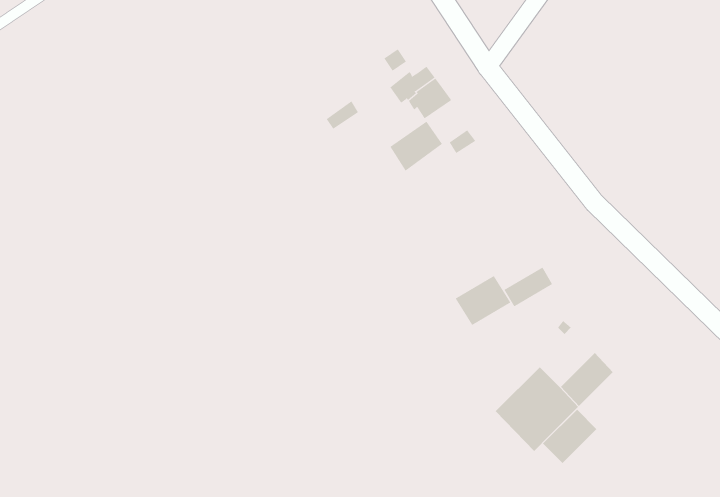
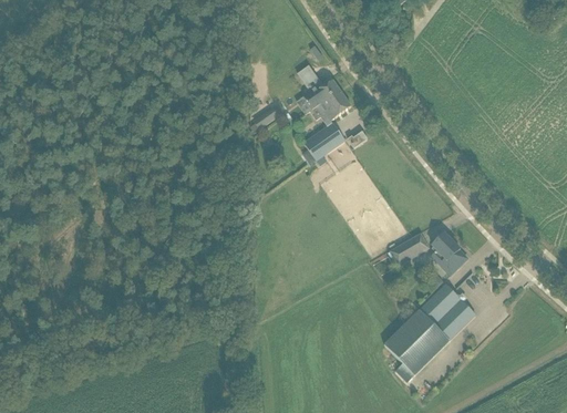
building: none -> [431,234,465,273]
building: [455,275,511,326] -> none
building: [542,409,597,464] -> [417,283,460,326]

